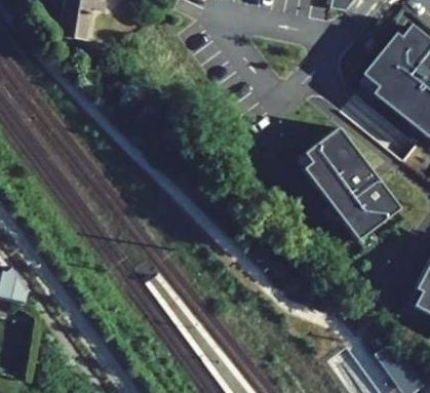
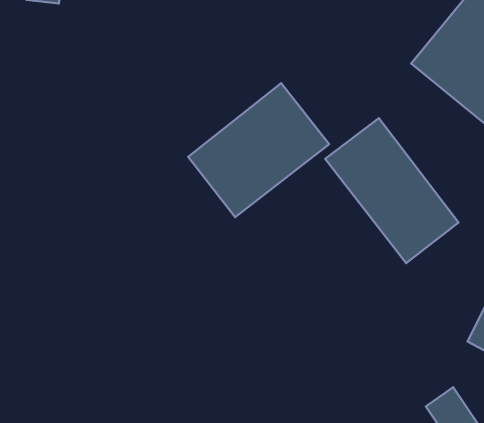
building: none -> [188,83,329,217]

